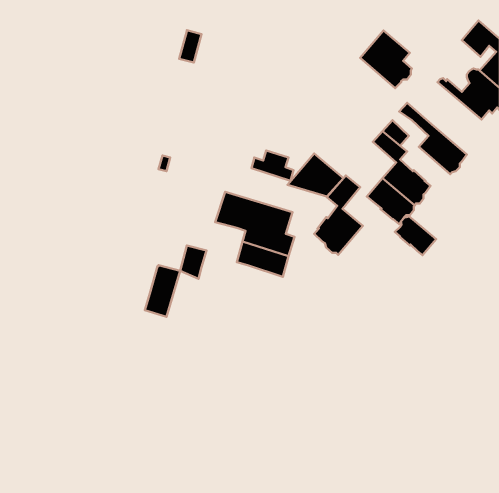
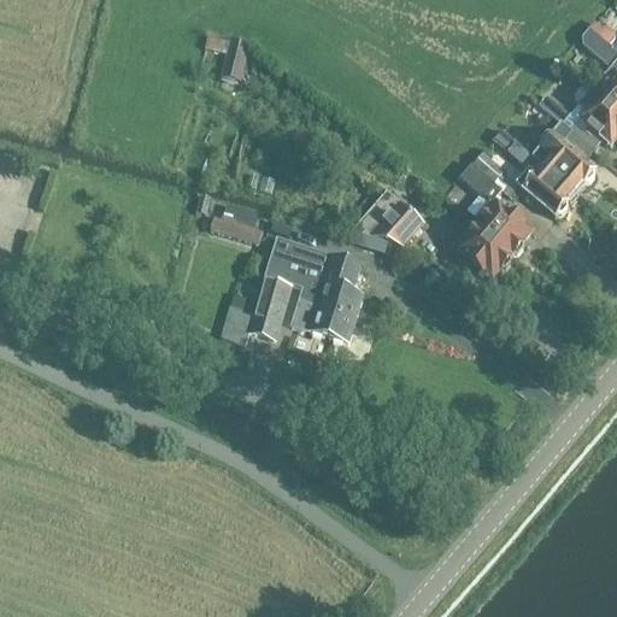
building: [360,30,412,88] -> [533,119,597,190]
building: [251,151,293,181] -> [211,204,263,241]
building: [314,175,363,255] -> none
building: [395,216,436,255] -> none
building: [145,265,180,317] -> [249,274,293,337]

